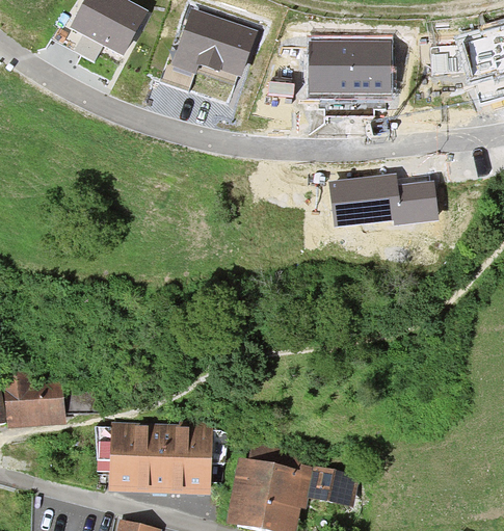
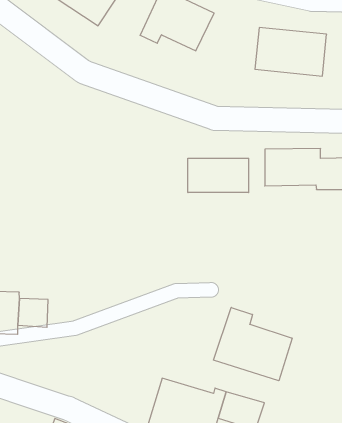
building: none -> [188,158,249,193]
building: none -> [214,307,292,381]
building: [109,420,212,498] -> none

